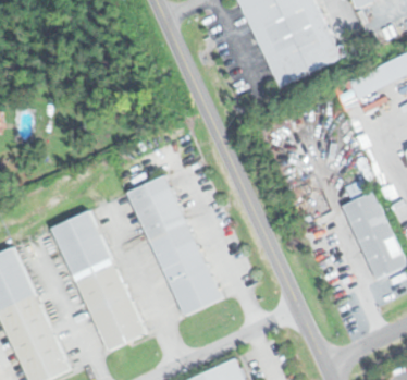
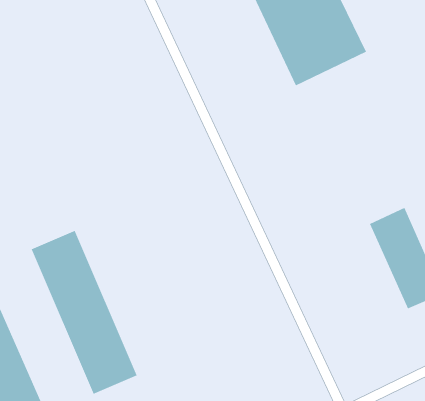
building: [126,174,221,314] -> none

